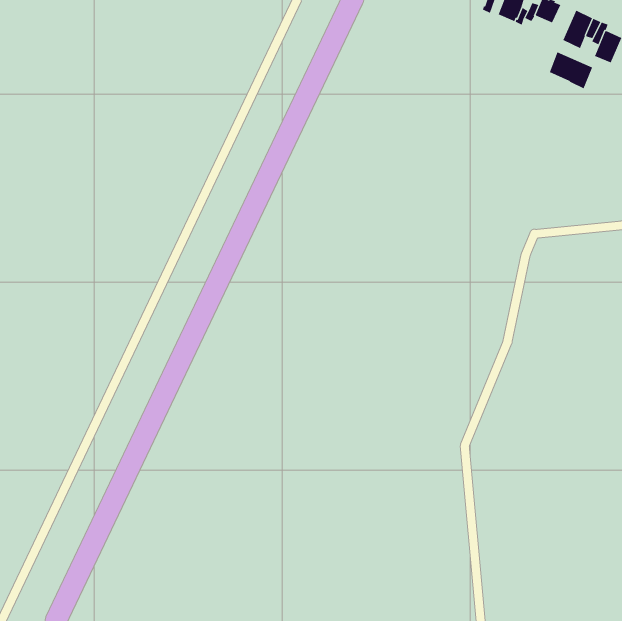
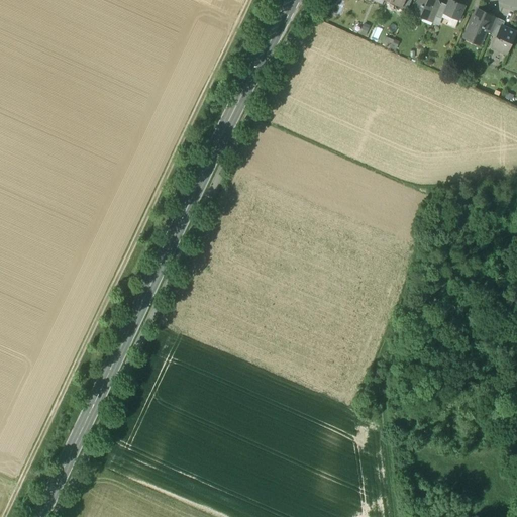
building: [549,52,593,89] -> none

